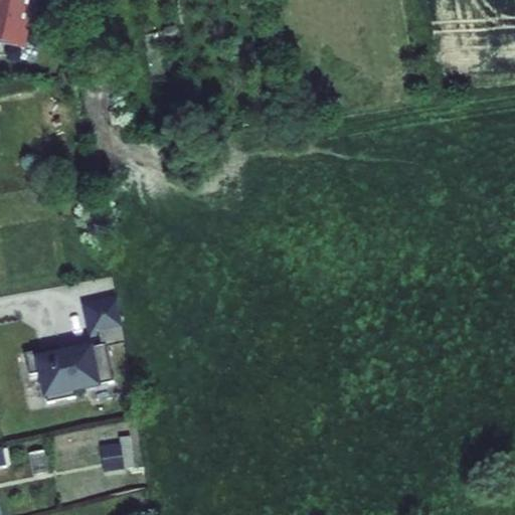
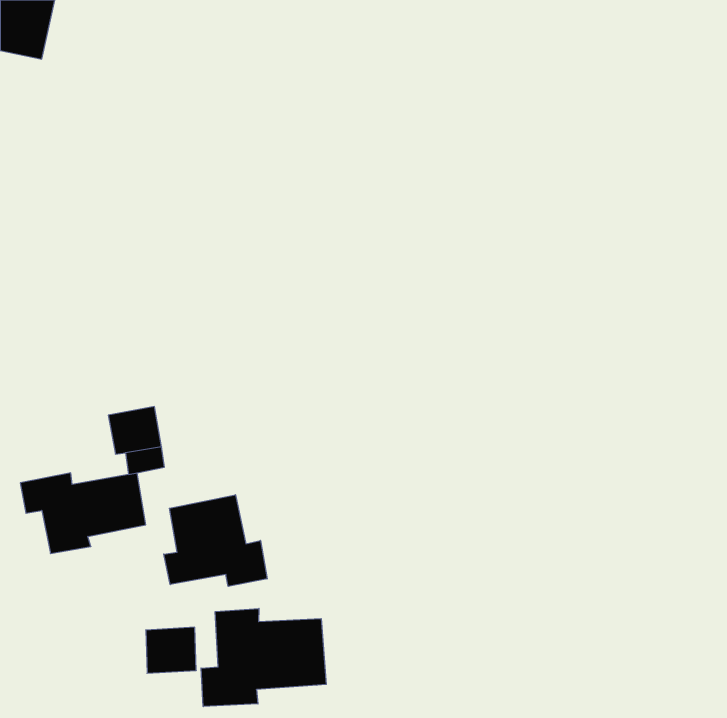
building: none -> [164,495,267,586]
building: none -> [201,608,326,707]

